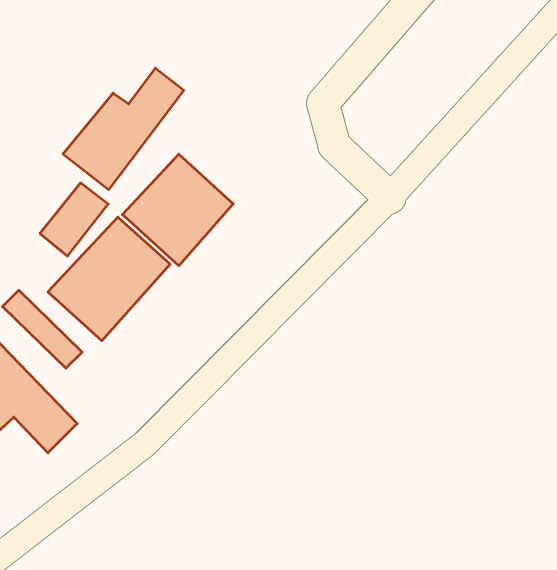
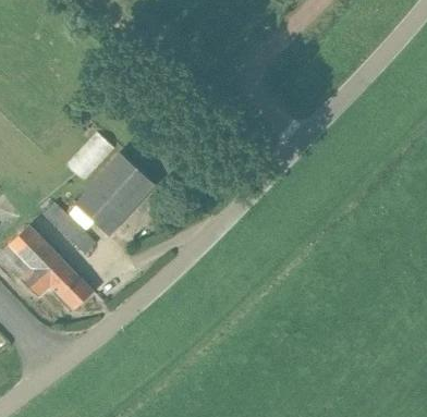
building: [63,68,184,190] -> none
building: [122,154,233,266] -> none

